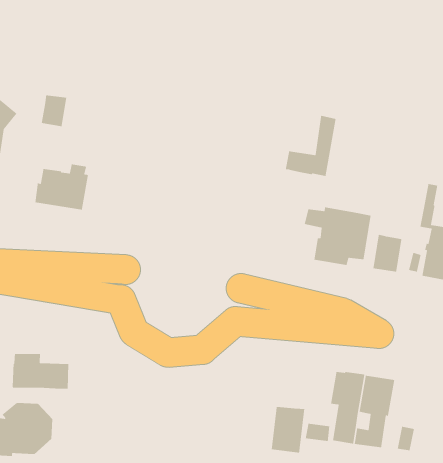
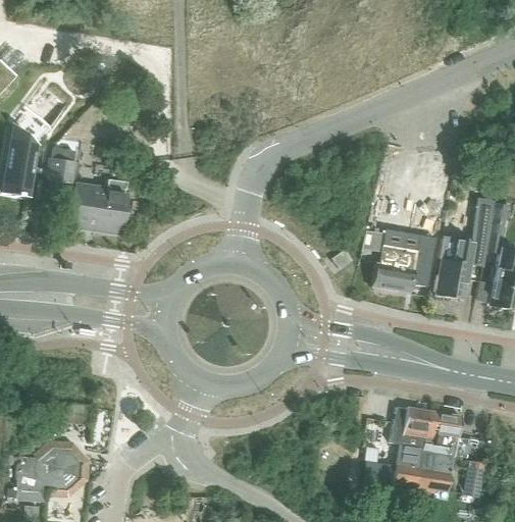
building: [41,94,67,127] -> [47,148,75,184]
building: [285,115,336,177] -> [439,198,495,265]
building: [12,353,69,390] -> none
building: [271,405,305,454] -> none

